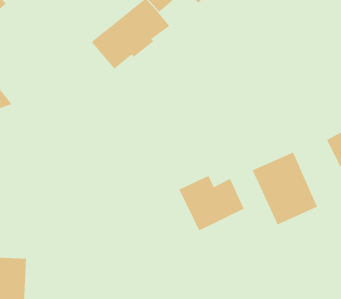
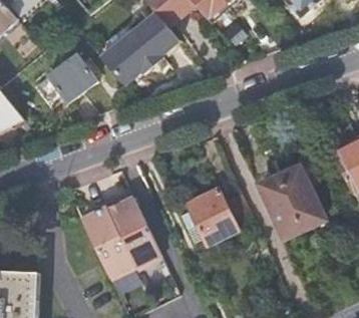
building: none -> [48,54,97,103]
building: none -> [80,197,162,281]

